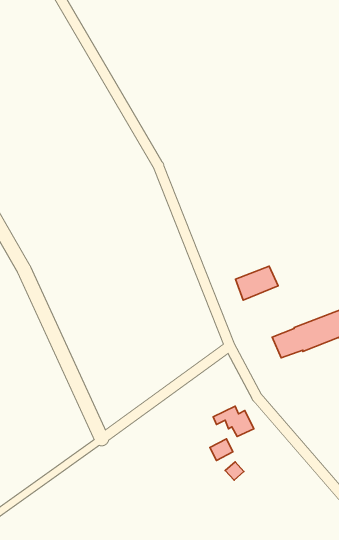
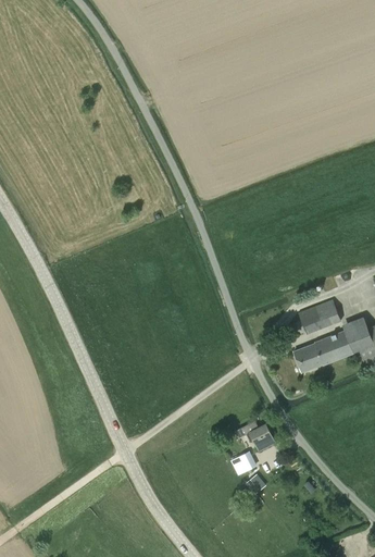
building: [235,266,278,300] -> [298,299,340,333]

